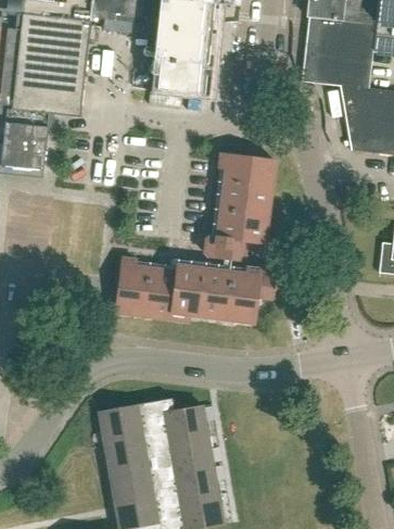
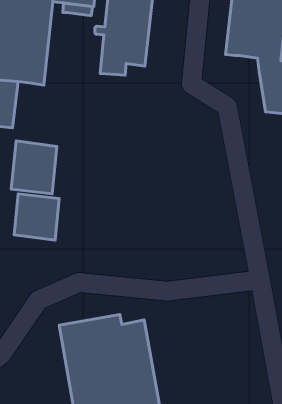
building: [115,154,275,323] -> none
building: none -> [11,141,57,194]
building: none -> [14,194,59,240]

